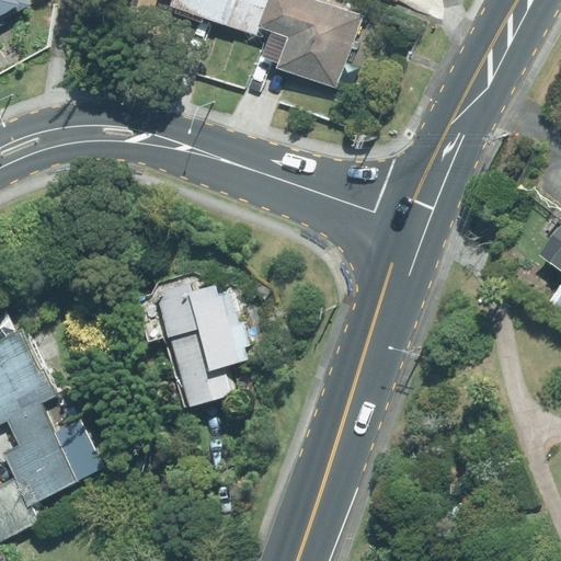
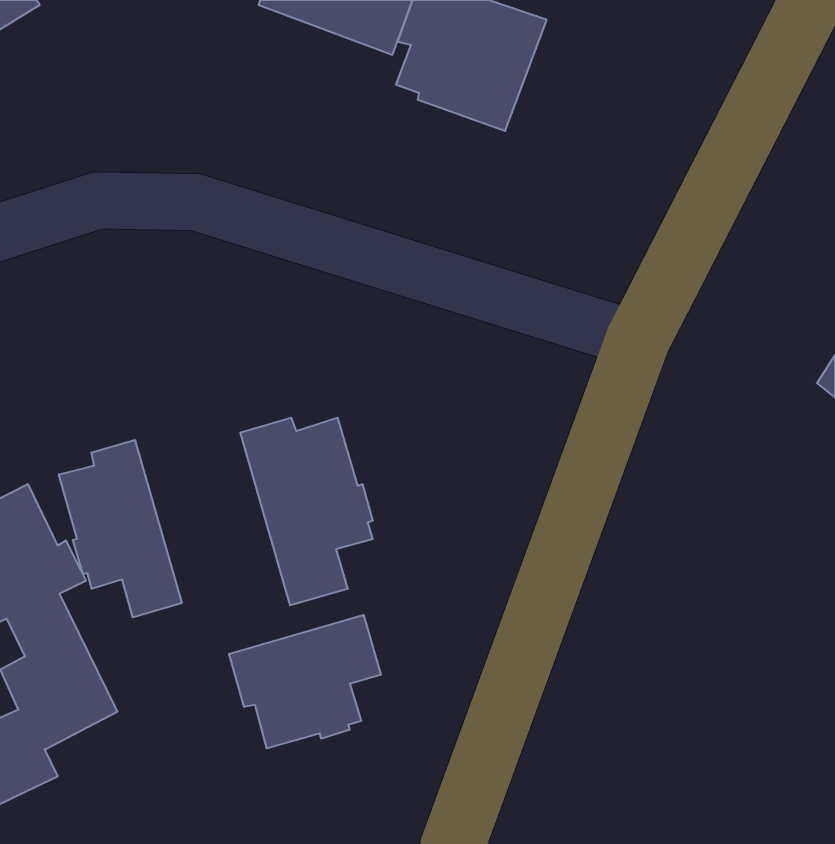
building: none -> [59,440,182,617]
building: none -> [229,615,381,748]

